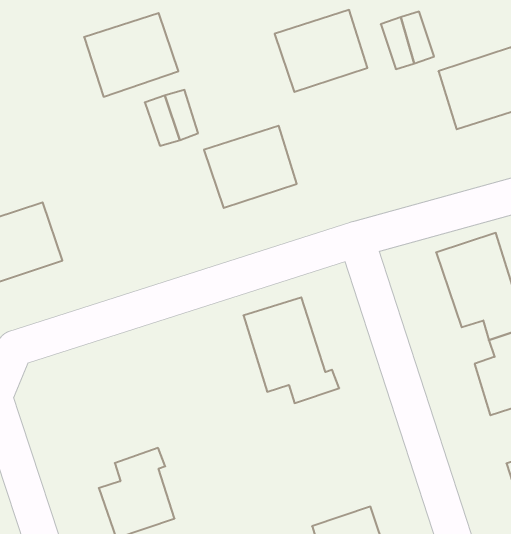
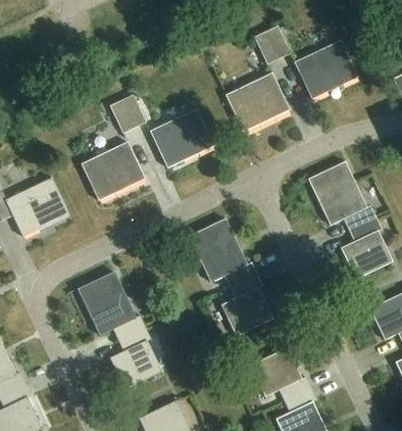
building: [275,10,367,92] -> [227,74,289,131]
building: [84,13,178,97] -> [82,143,145,201]
building: none -> [79,272,146,340]
building: none -> [222,274,272,335]

